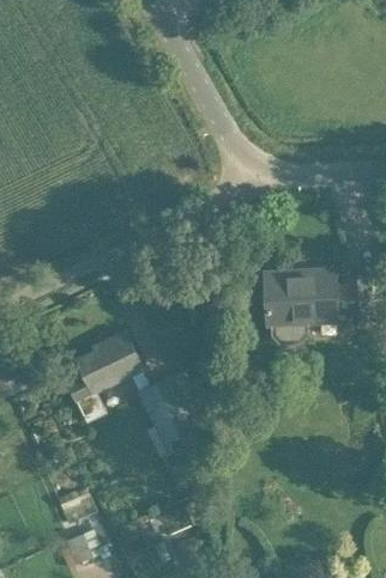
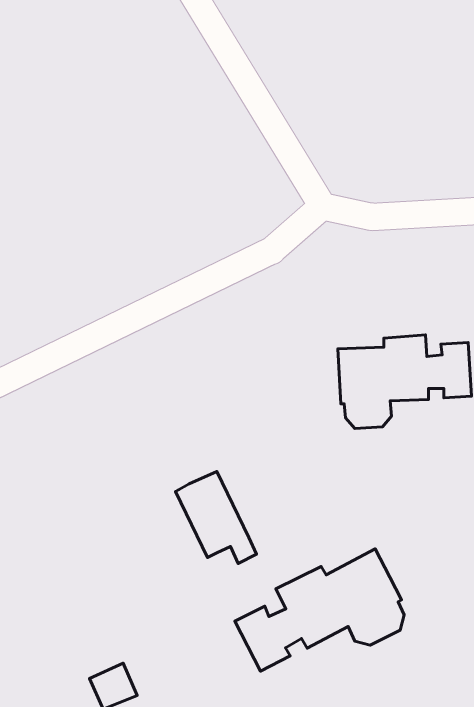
building: [66,330,144,421] -> none
building: none -> [235,549,404,671]

